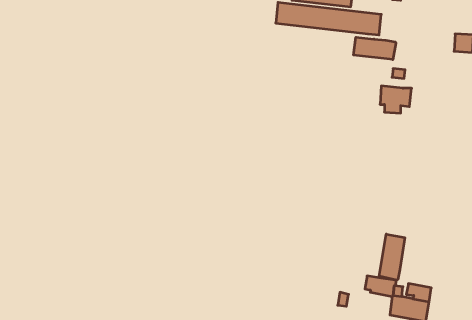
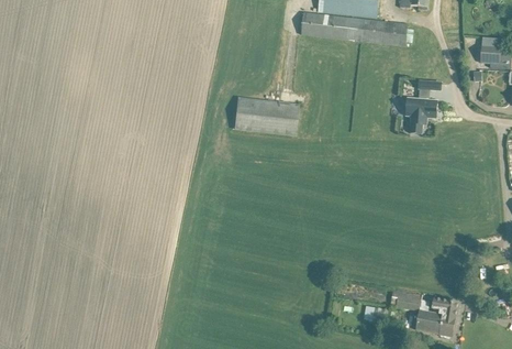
building: [354,37,396,60] -> none
building: none -> [235,97,299,134]
building: [379,234,405,280] -> none

